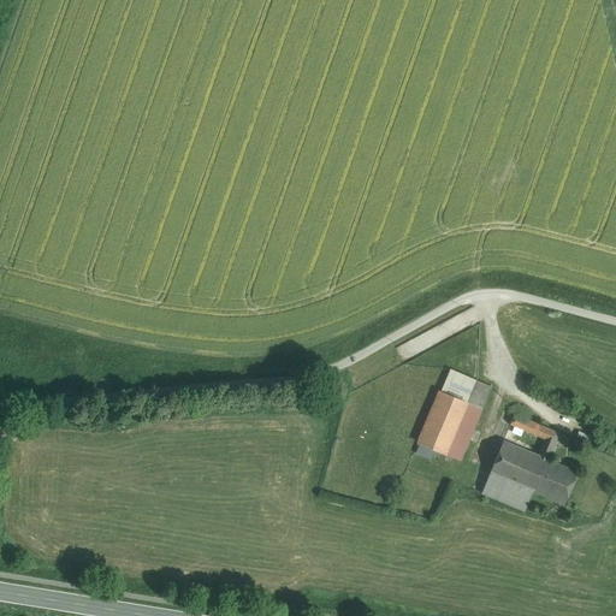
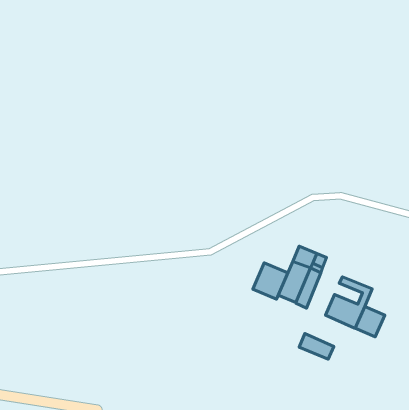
building: none -> [253,263,288,299]
building: [480,473,532,511] -> [299,334,334,359]

